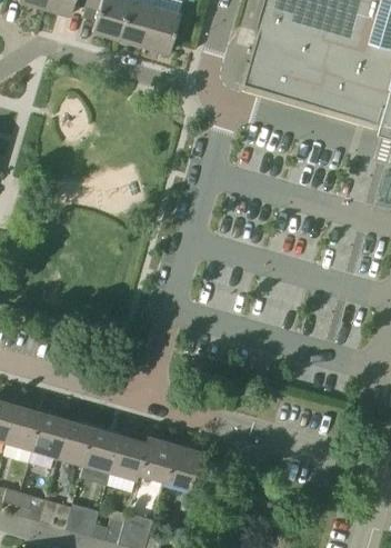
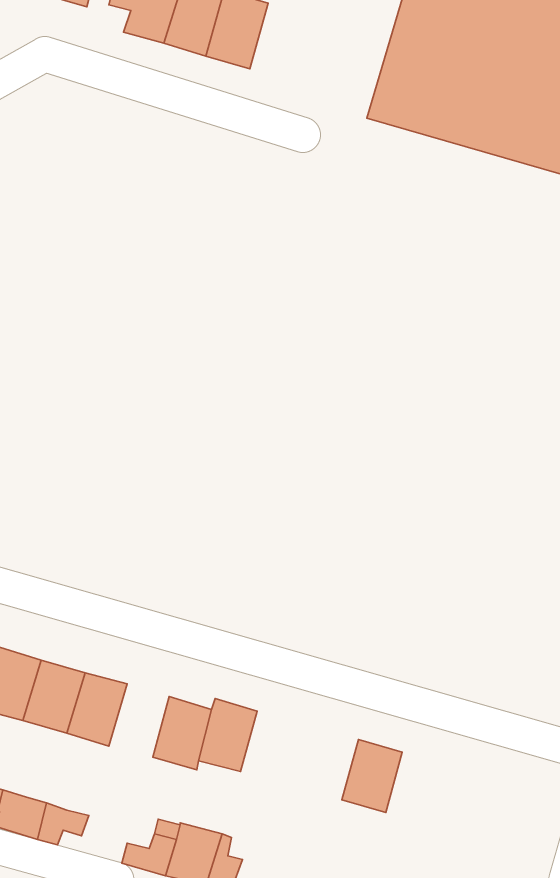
building: [84,428,121,472] -> none
building: [164,445,201,489] -> [342,739,402,813]
building: [66,505,100,537] -> none

